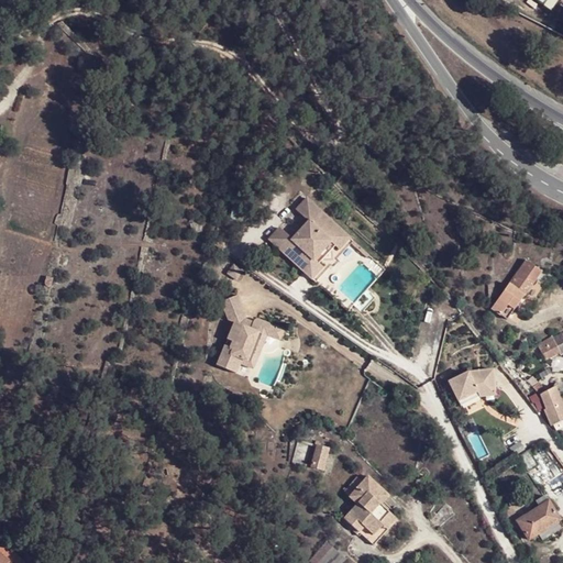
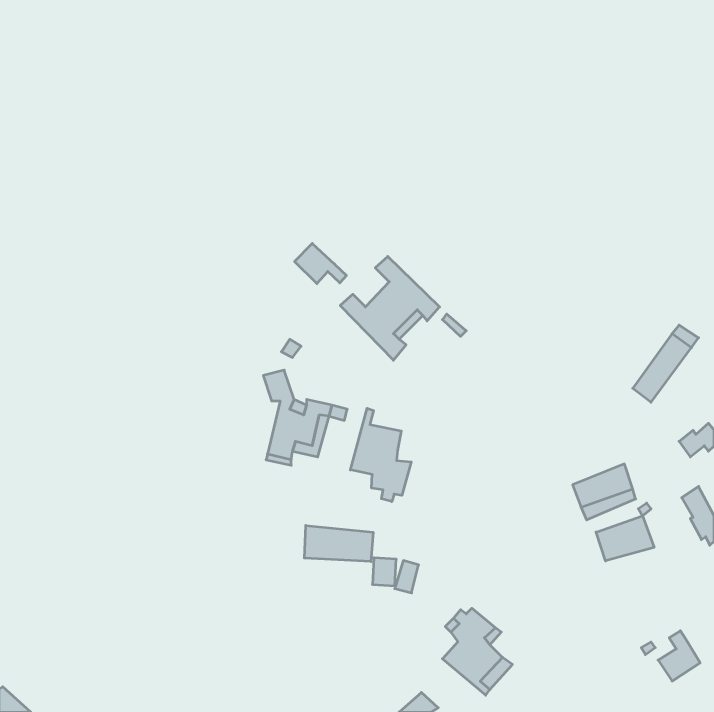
building: none -> [295,243,346,284]
building: none -> [350,408,411,502]
building: none -> [596,516,654,561]
building: none -> [304,525,373,562]

